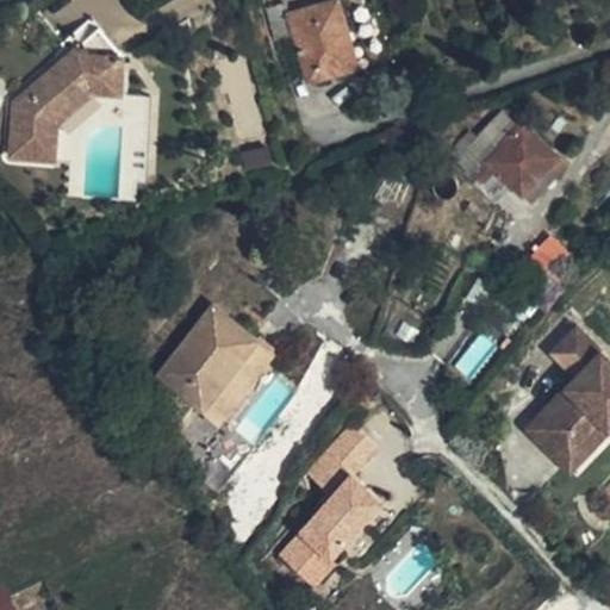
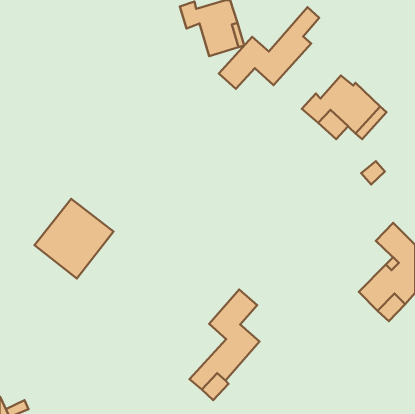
building: none -> [219,7,319,89]
building: [10,29,123,161] -> none
building: [158,307,274,424] -> [34,199,113,279]

